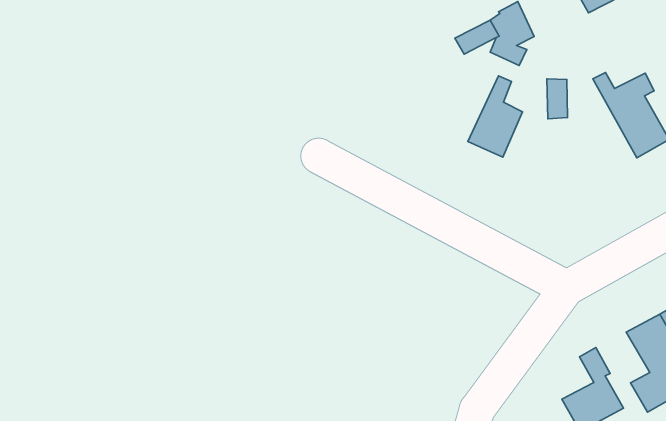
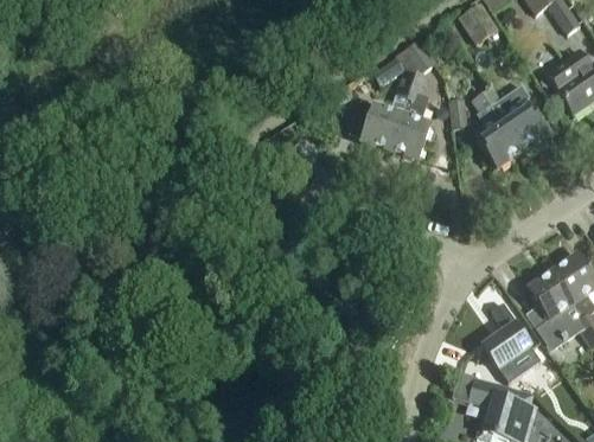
building: none -> [358,81,426,152]
building: none -> [474,94,524,168]

